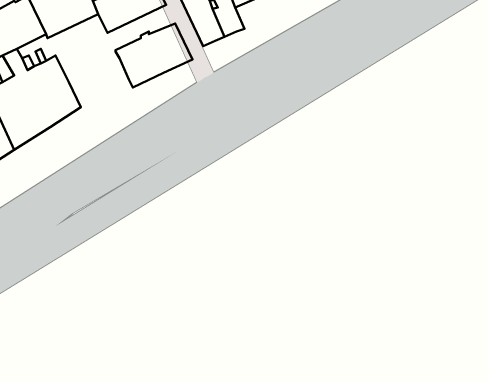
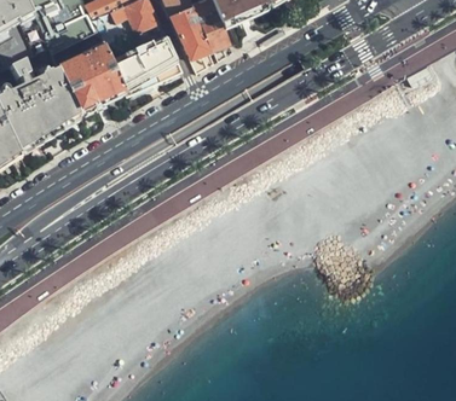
building: none -> [58,42,125,112]

